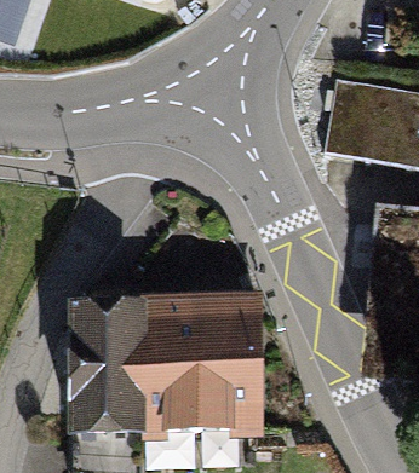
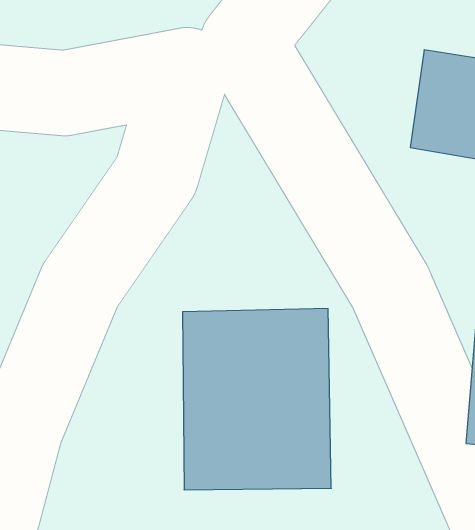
building: [74,288,154,428] -> none

